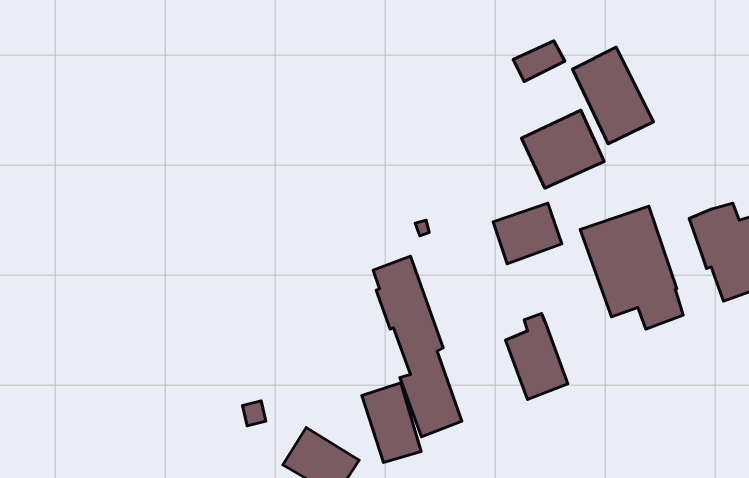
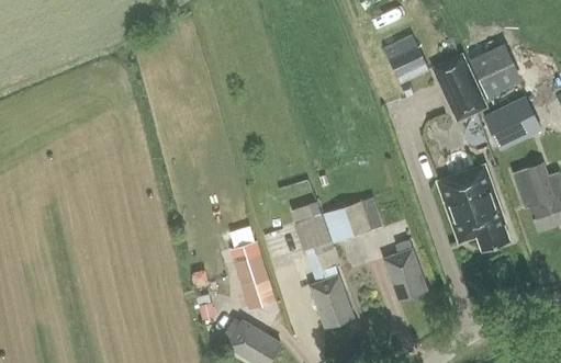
building: none -> [470,44,520,98]
building: [522,110,604,188] -> [483,97,541,151]
building: [493,203,562,264] -> [324,201,372,243]
building: [362,383,421,462] -> [234,253,276,309]

